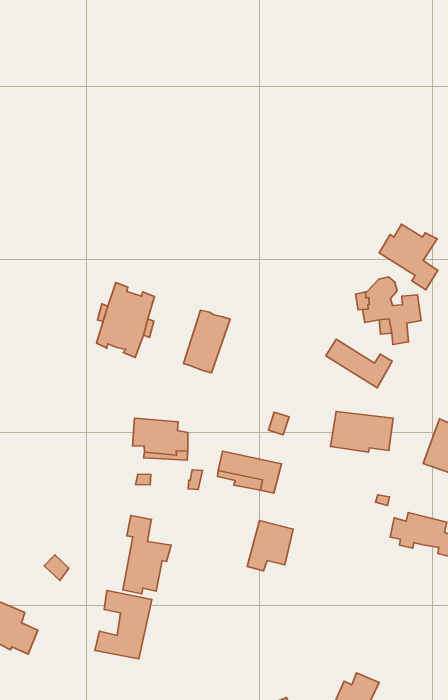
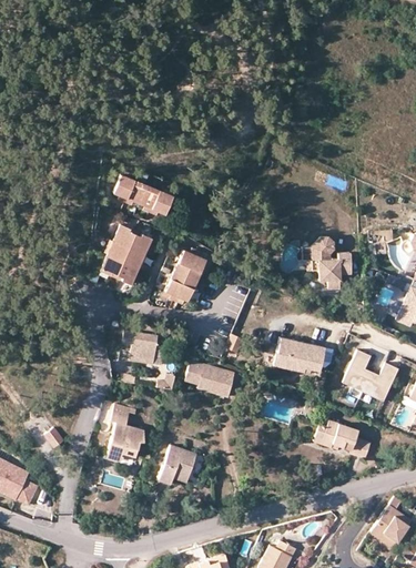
building: none -> [112,175,170,213]
building: [379,224,438,290] -> none
building: [326,339,392,388] -> none
building: [247,521,293,571] -> [158,446,195,485]
building: [95,590,152,659] -> none

